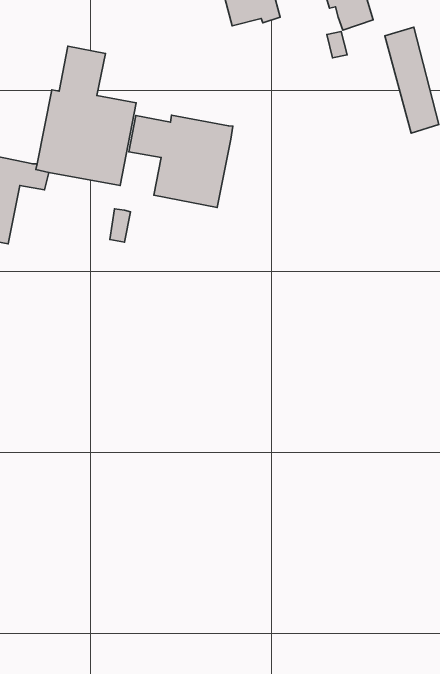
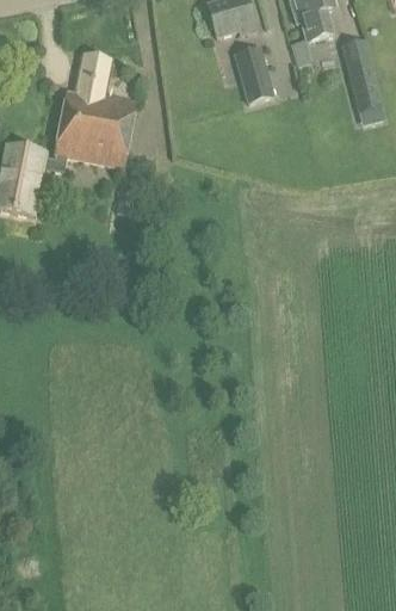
building: none -> [234,45,272,100]
building: [129,115,233,207] -> none

